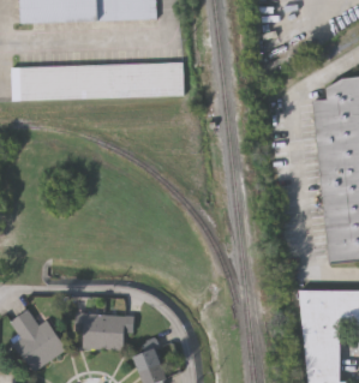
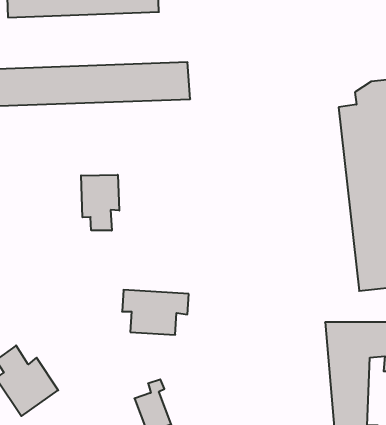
building: none -> [81,175,119,231]
building: [76,313,134,353] -> [122,290,189,335]

